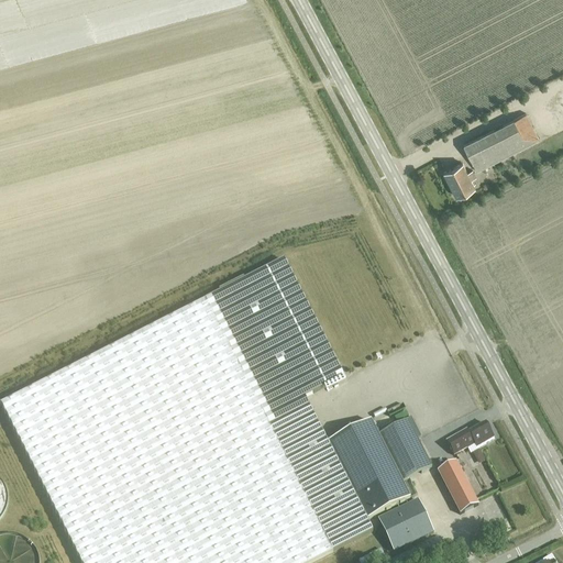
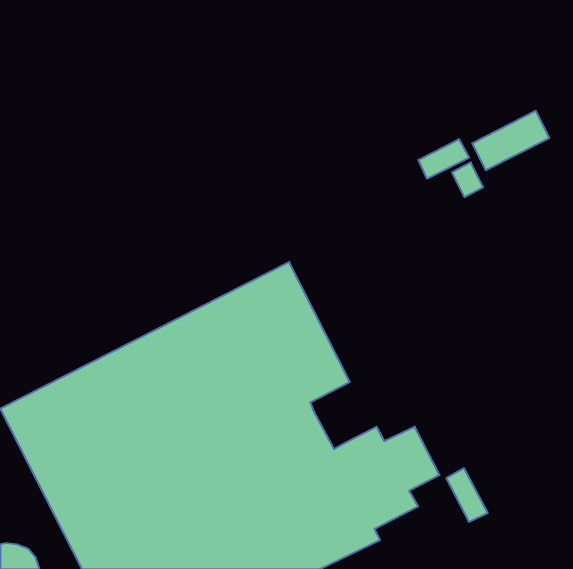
building: none -> [418,139,469,179]
building: [446,421,490,453] -> none
building: [378,499,433,550] -> none

